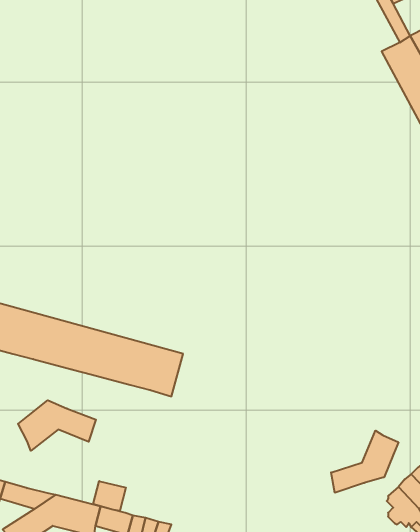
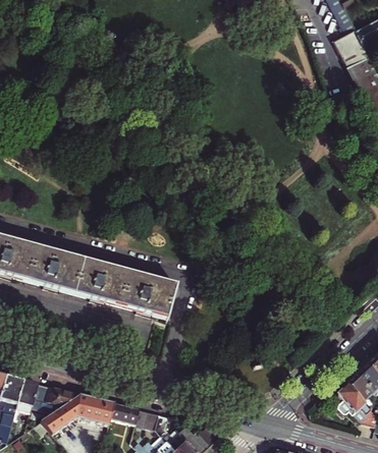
building: [18,400,96,451] -> none
building: [331,431,398,493] -> none
building: [93,481,126,511] -> none

